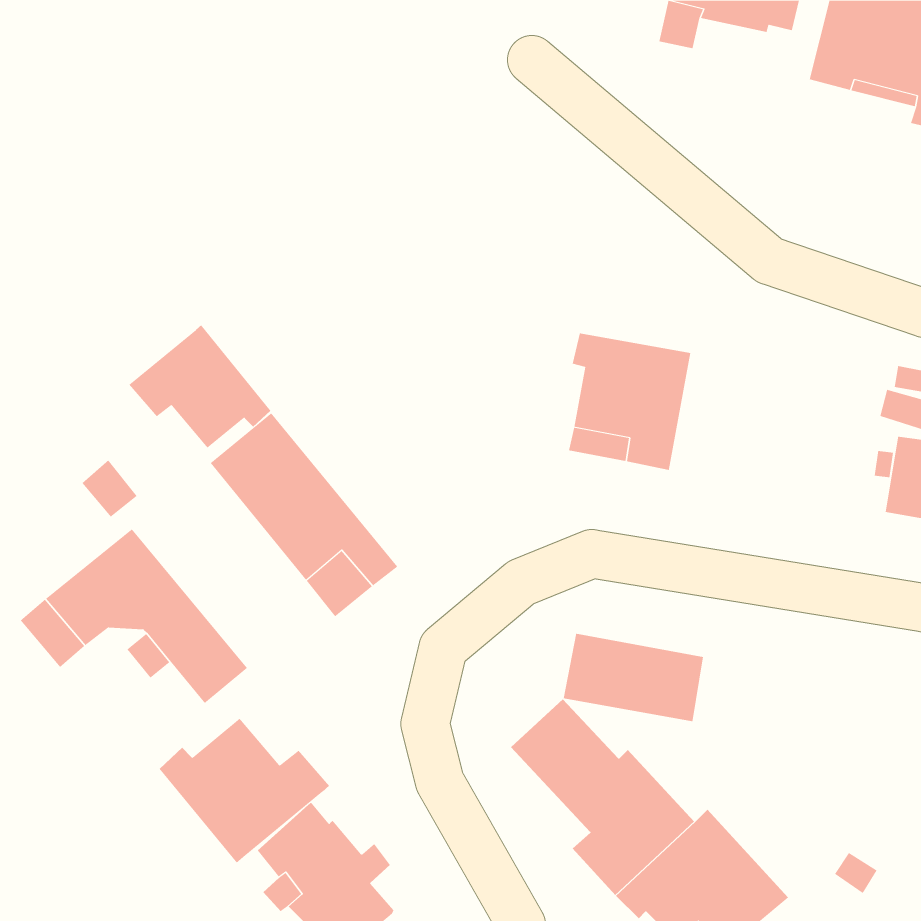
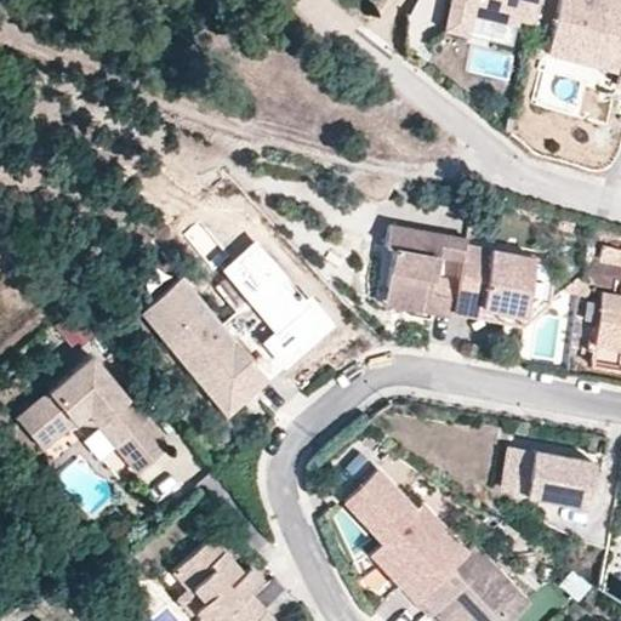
building: [129,325,271,449] -> none
building: none -> [222,241,334,366]
building: none -> [452,245,535,317]
building: [563,633,704,722] -> [498,446,593,506]
building: [159,718,330,864] -> none

